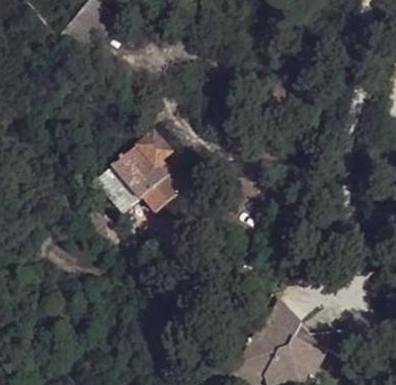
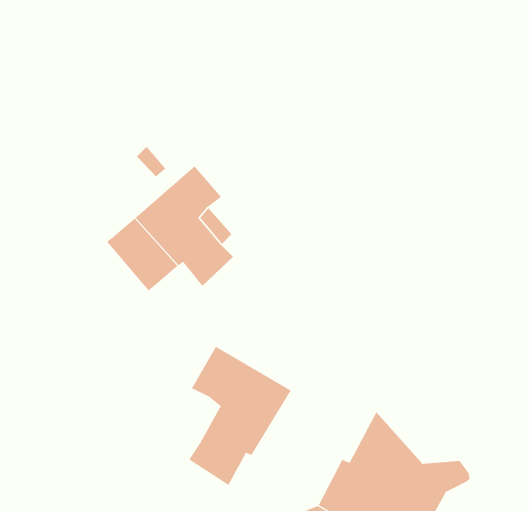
building: none -> [188,346,292,486]

